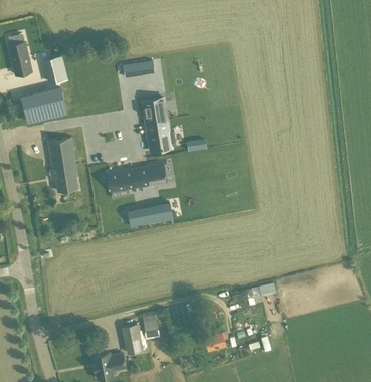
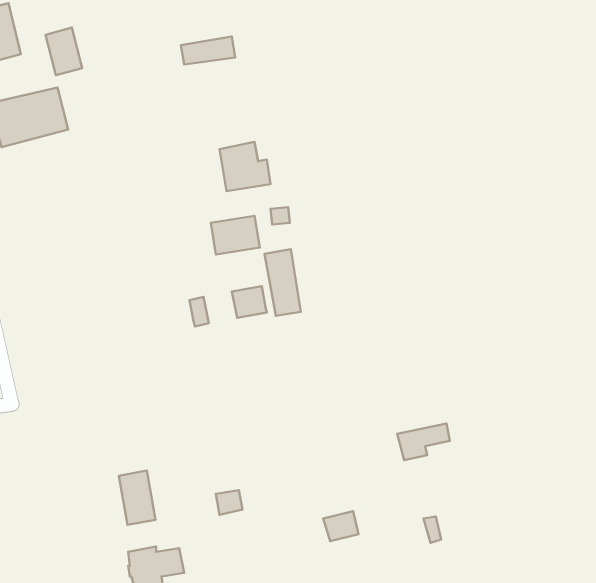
building: [143,99,166,125] -> none
building: [48,137,78,191] -> none
building: [110,168,138,190] -> none
building: none -> [265,249,301,316]
building: [123,323,144,354] -> [119,470,156,525]

